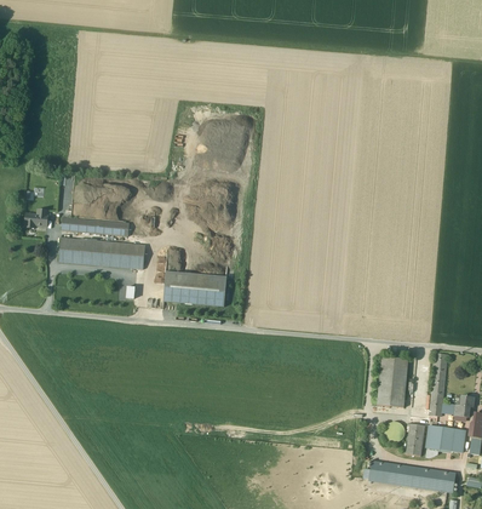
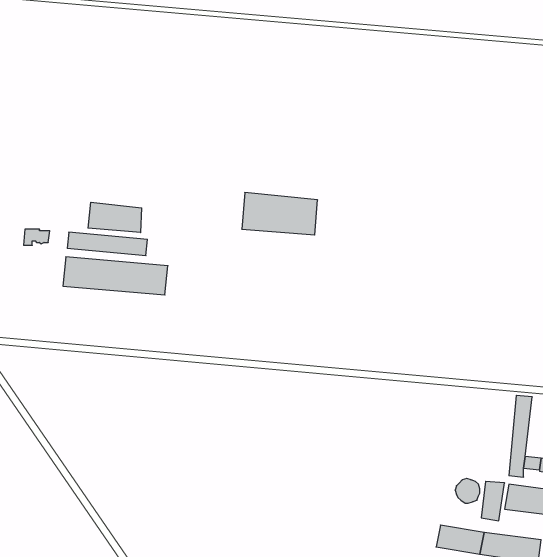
building: none -> [88,202,142,233]
building: [163,271,226,307] -> [242,193,318,235]
building: [377,356,408,407] -> none

